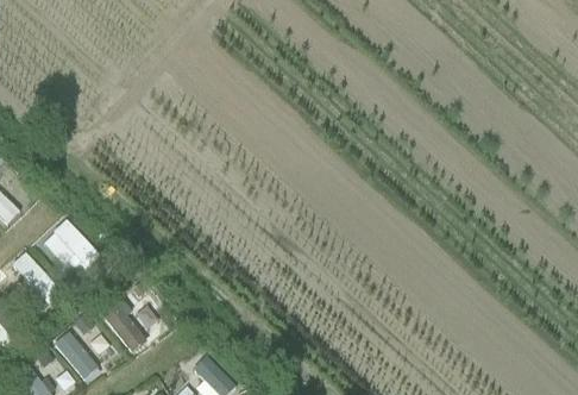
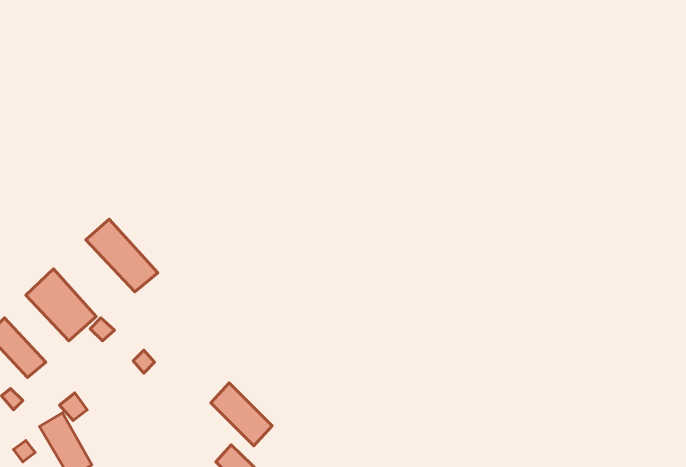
building: none -> [86,219,158,292]
building: [100,303,147,352] -> [211,383,272,446]

